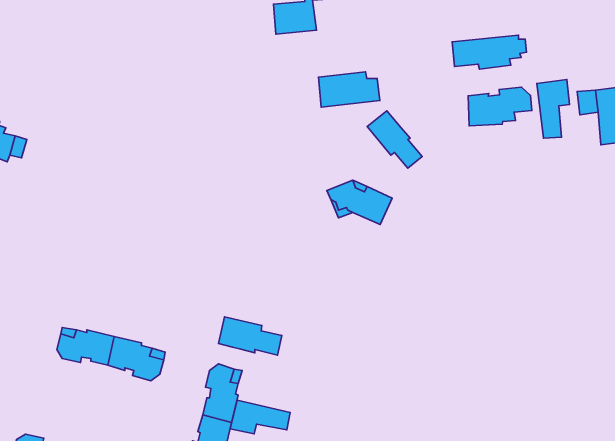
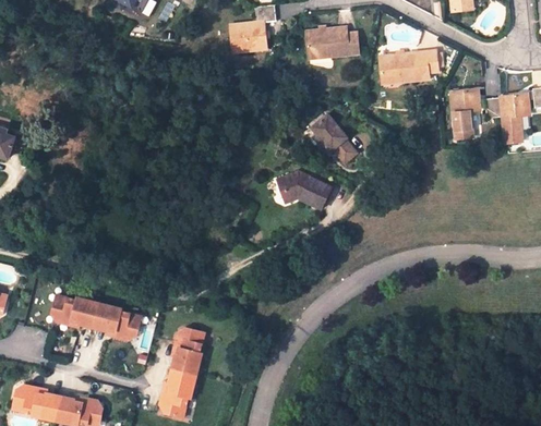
building: [318,72,380,107] -> [308,28,359,58]
building: [468,87,532,126] -> none
building: [219,317,282,355] -> none
building: [230,400,290,434] -> none

